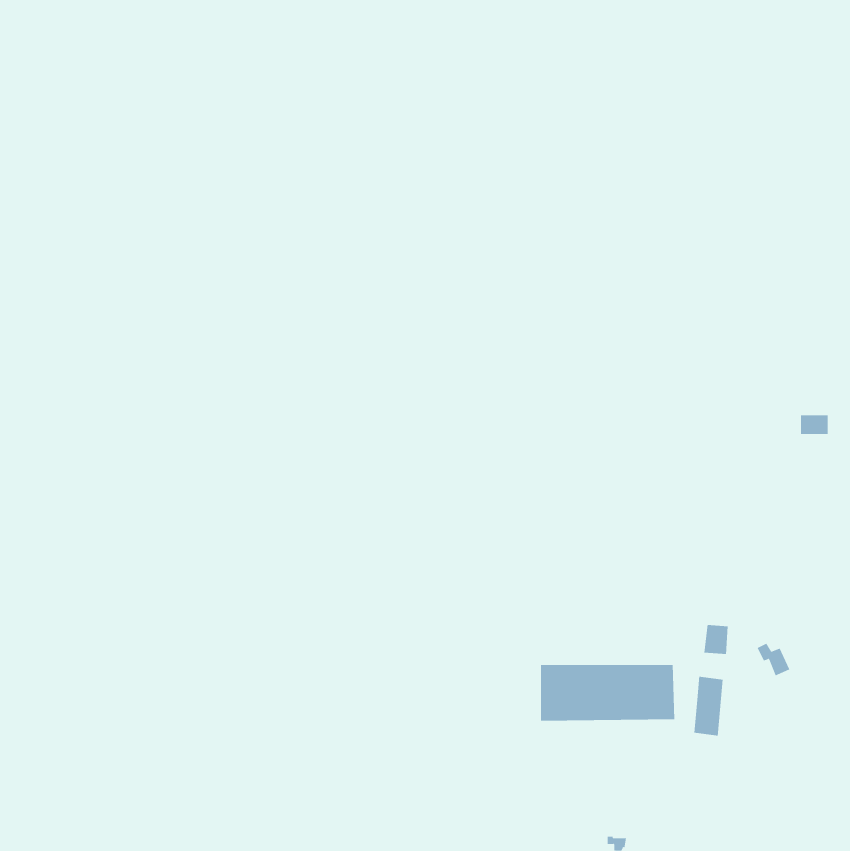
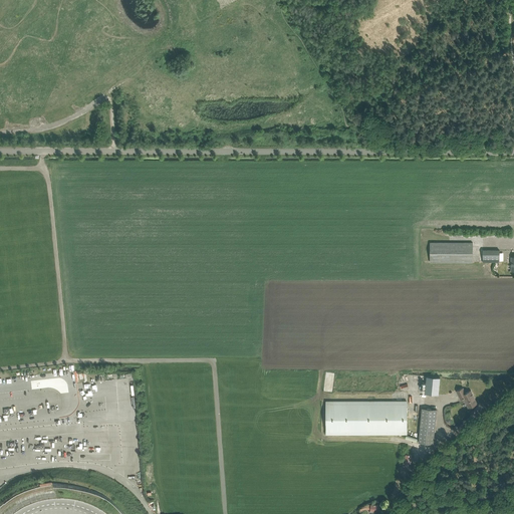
building: none -> [429,242,472,262]

